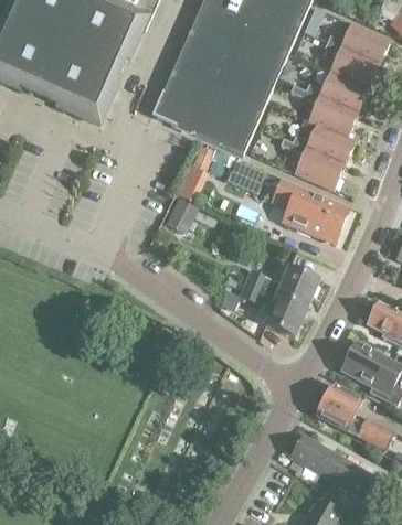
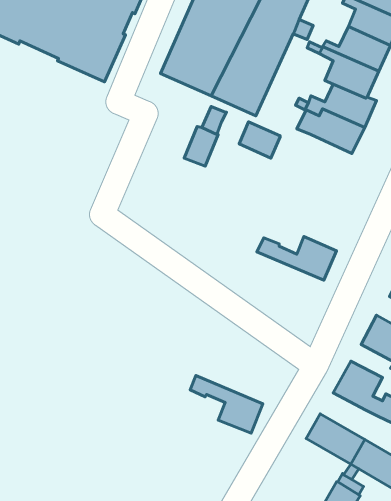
building: [271,181,349,244] -> none
building: [161,196,194,237] -> none
building: [237,282,306,336] -> [190,376,263,433]

